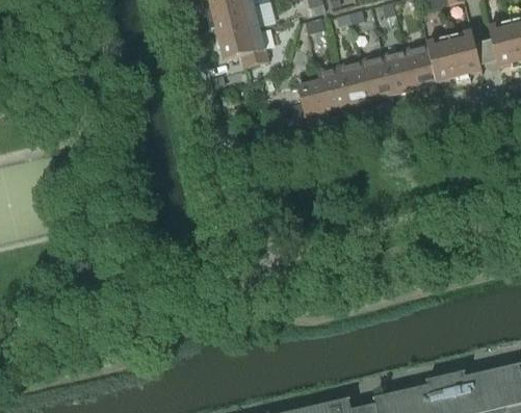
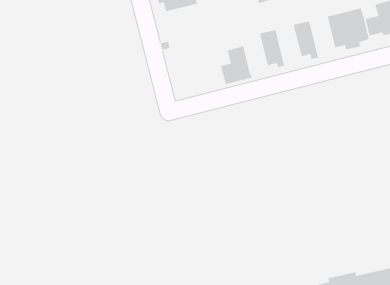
building: [218,26,268,68] -> none
building: [405,43,437,96] -> none
building: [361,53,393,106] -> none
building: [316,64,349,118] -> none

